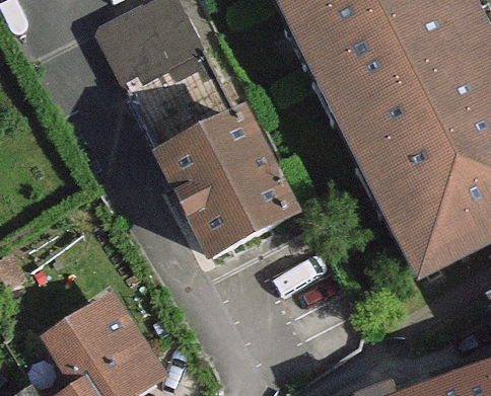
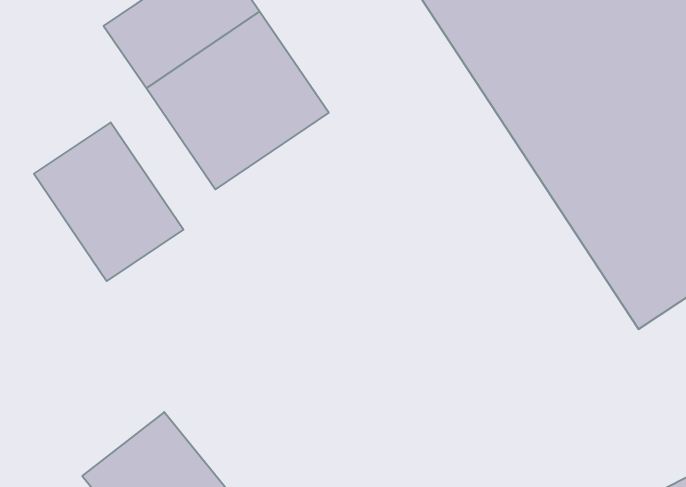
building: none -> [34,122,183,281]
building: [162,122,291,257] -> none

